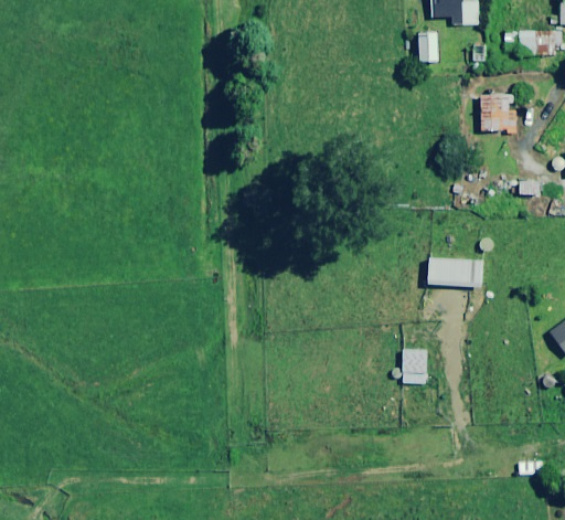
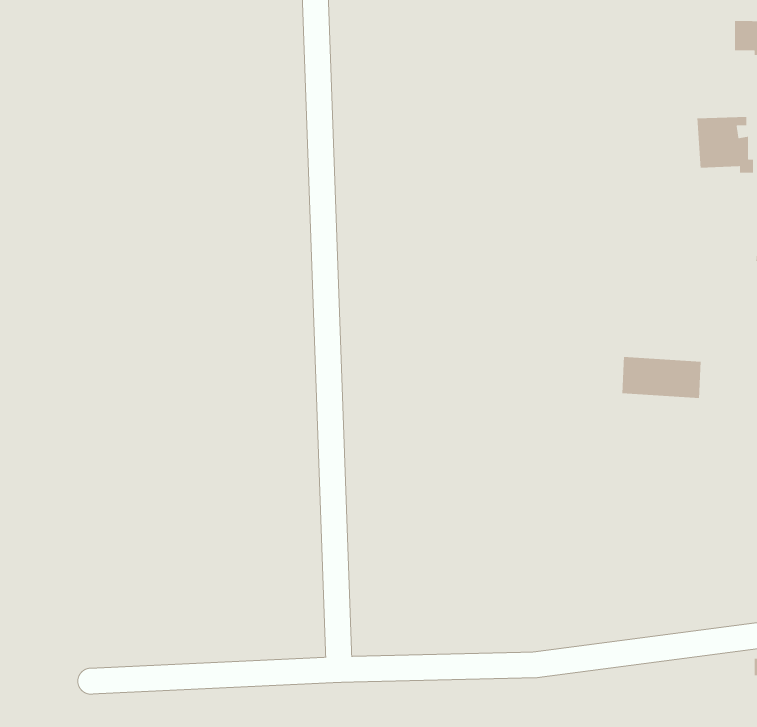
building: [418,31,439,62] -> none
building: [402,349,426,382] -> none

